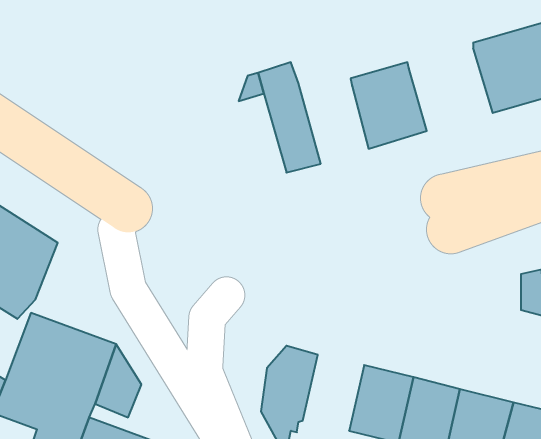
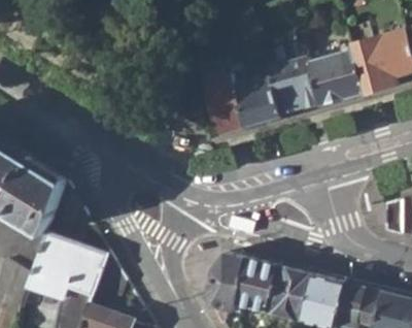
building: none -> [308,47,366,104]
building: none -> [232,68,280,127]
building: none -> [235,259,277,311]

